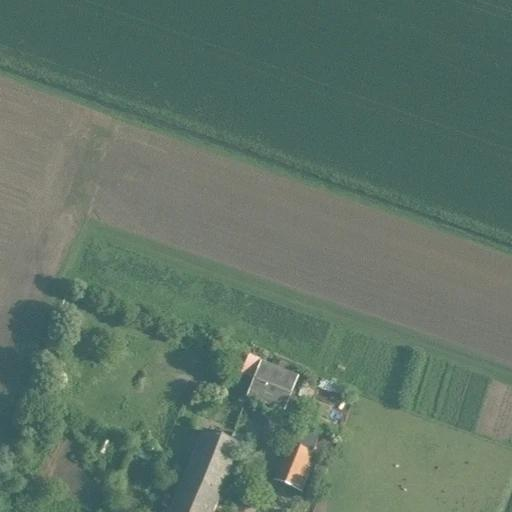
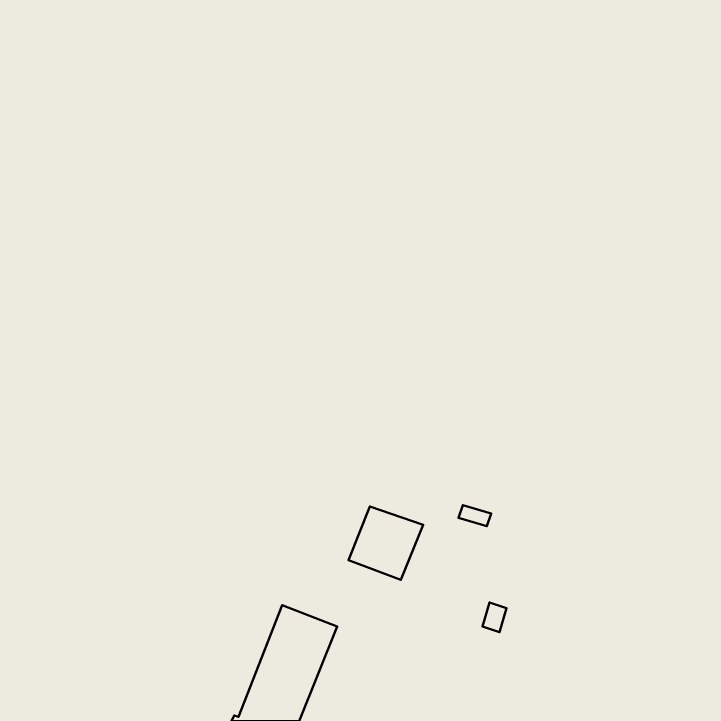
building: [273,441,311,489] -> none

